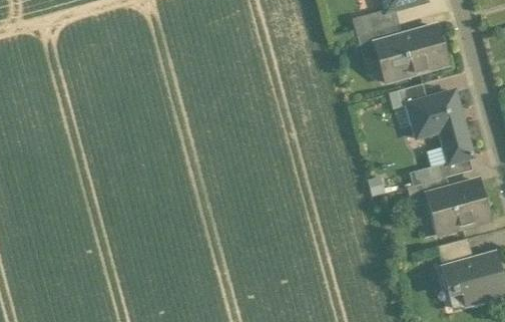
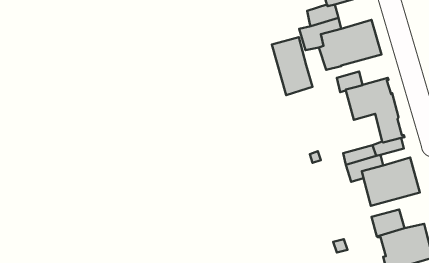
building: none -> [272,37,313,95]

